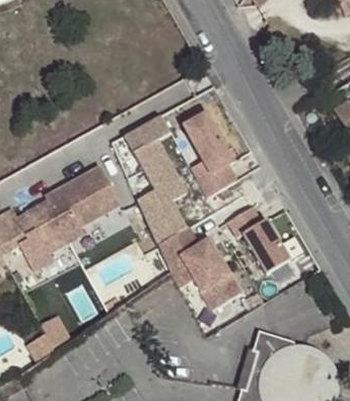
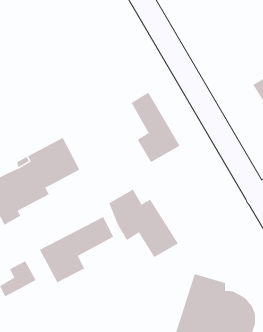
building: [126,114,186,245] -> none
building: [228,203,290,272] -> none
building: none -> [39,216,114,283]

